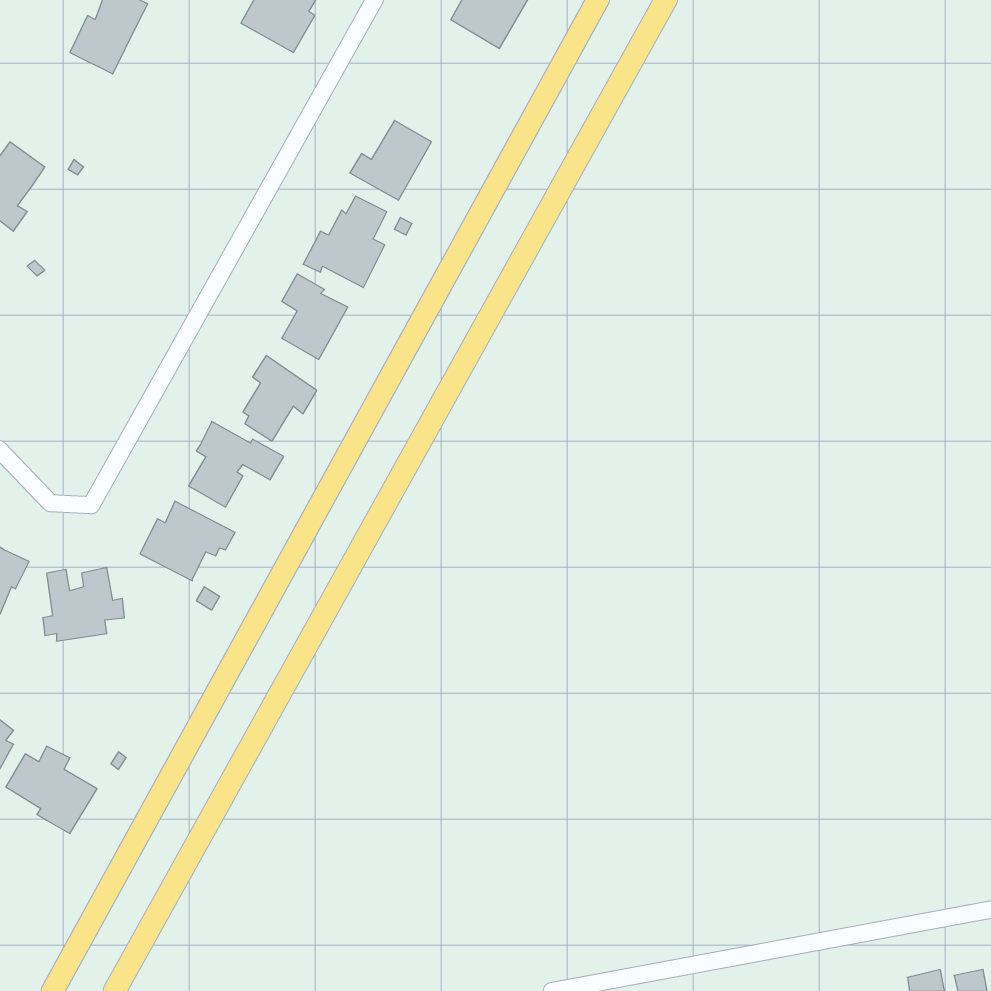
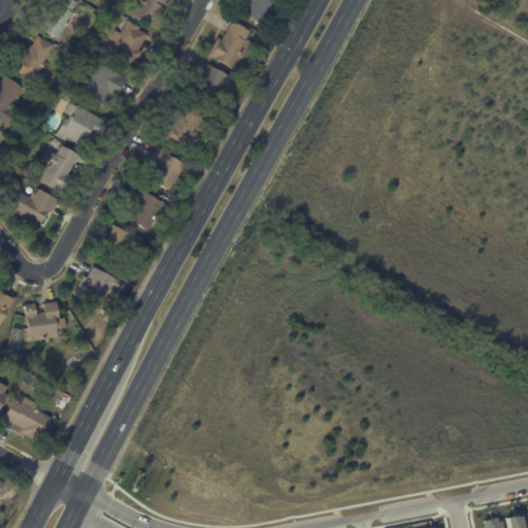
building: none -> [109,20,148,66]
building: none -> [209,21,255,68]
building: none -> [13,35,55,81]
building: none -> [84,63,125,101]
building: none -> [56,102,104,146]
building: none -> [39,144,79,193]
building: none -> [11,189,59,226]

